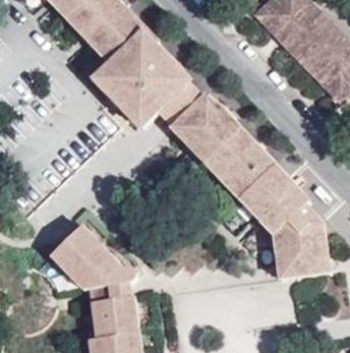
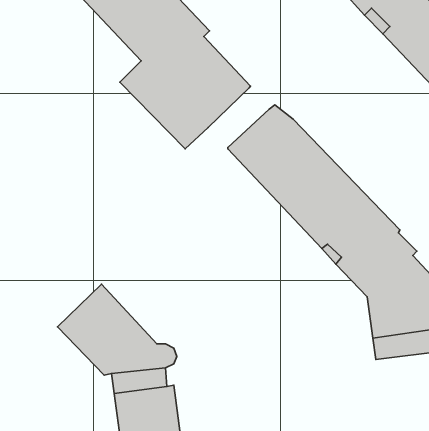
building: [159,83,202,126] -> none

